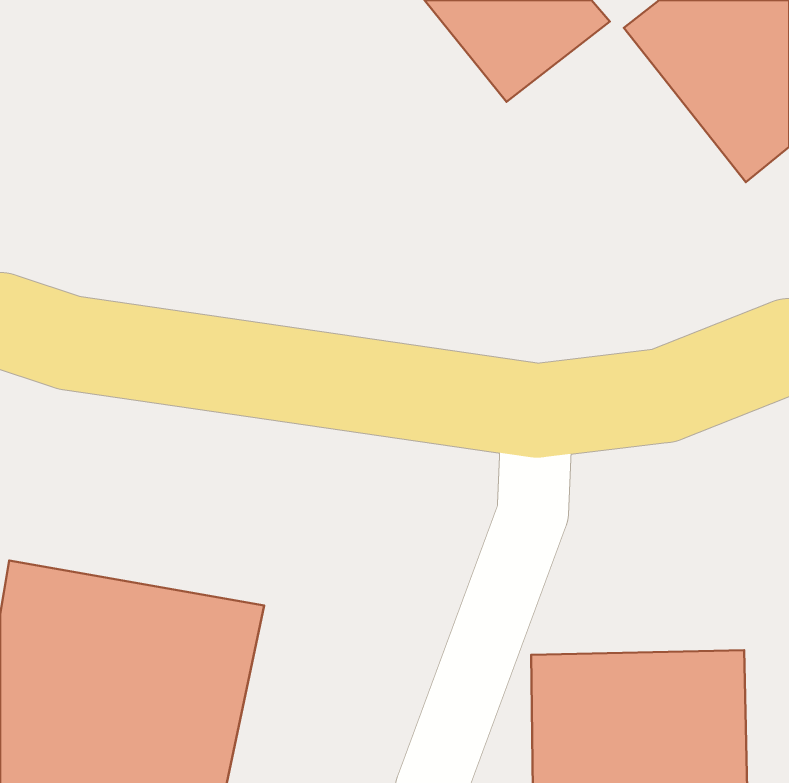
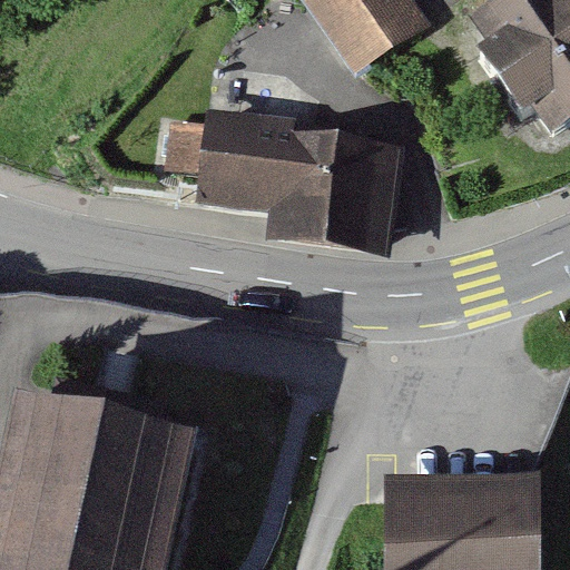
building: none -> [202,91,404,246]

